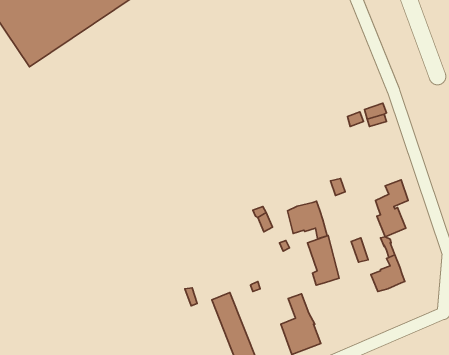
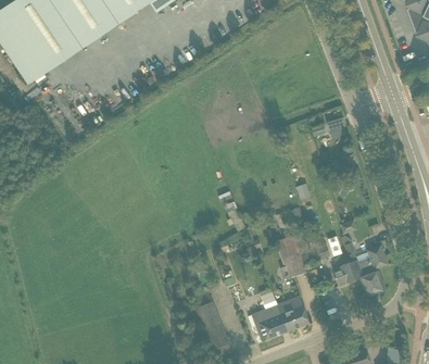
building: [376,180,408,237] -> [359,244,389,296]
building: [287,201,327,238] -> none
building: none -> [278,296,311,331]

